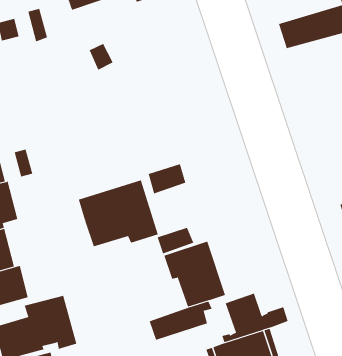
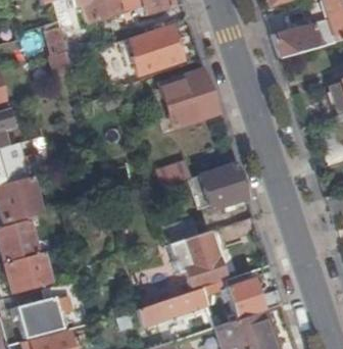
building: none -> [130,24,183,76]
building: none -> [160,69,219,129]
building: none -> [200,163,248,213]
building: [78,180,158,247] -> none

